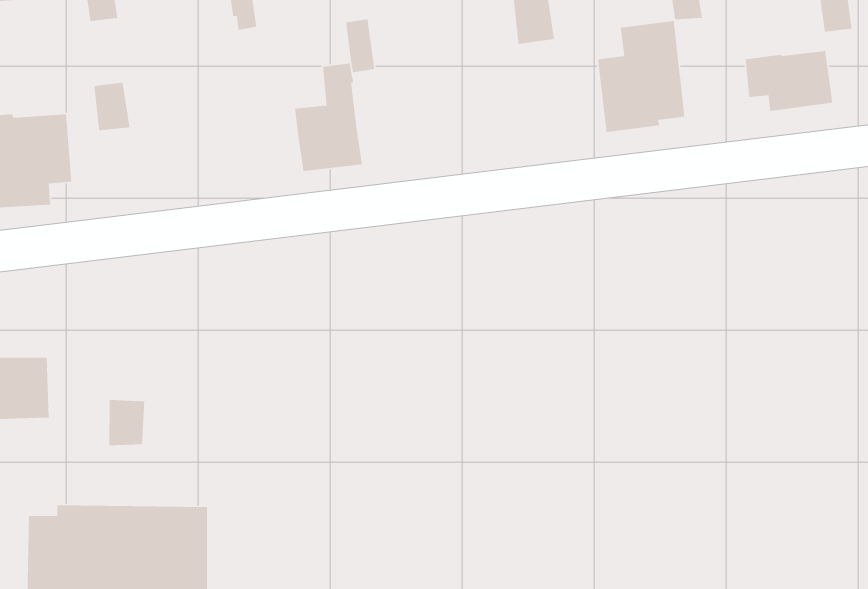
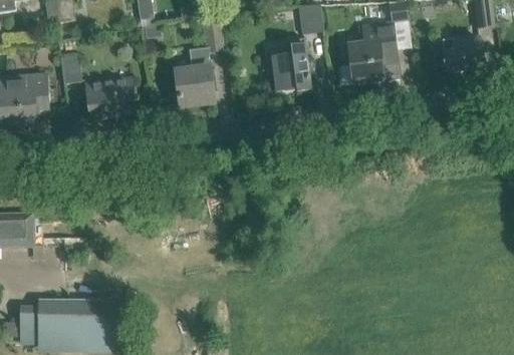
building: none -> [271,37,310,91]
building: none -> [85,78,135,118]
building: [108,399,145,446] -> none

